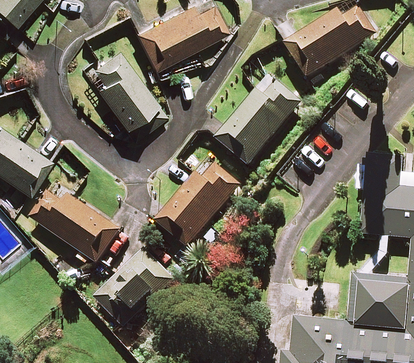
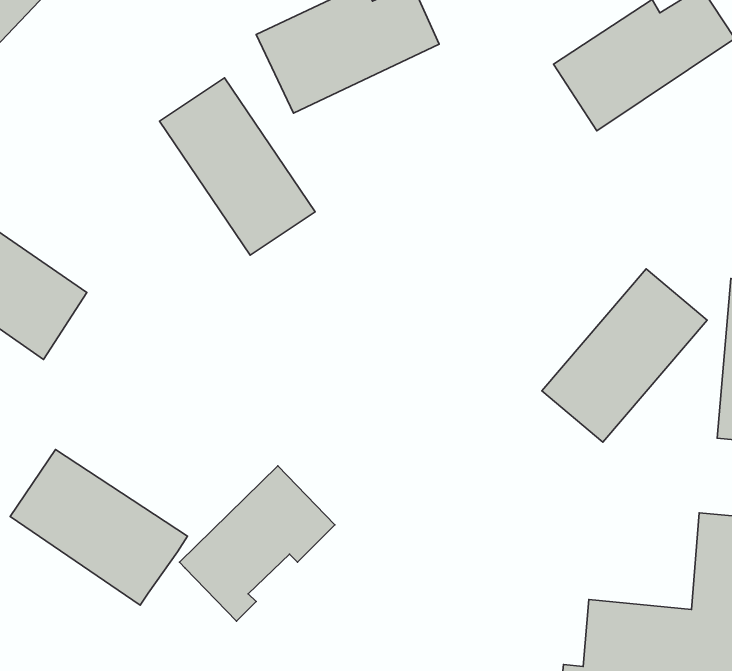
building: [213,75,297,163] -> [542,269,707,442]
building: [153,161,236,246] -> none
building: [28,184,118,263] -> [10,450,187,605]

